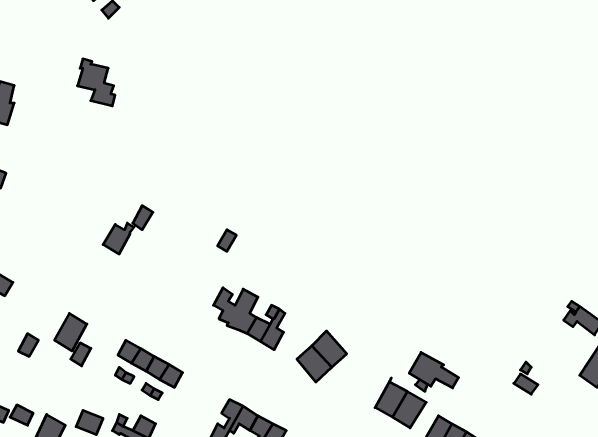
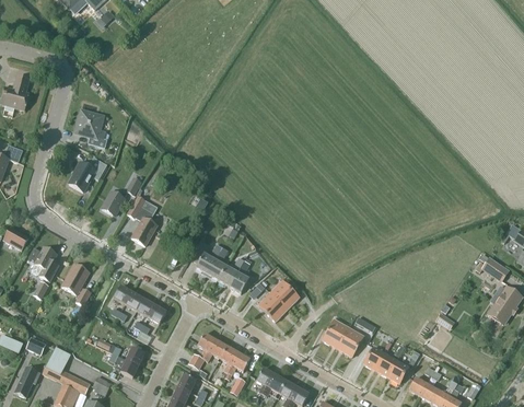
building: [77,59,115,106] -> [75,109,106,148]
building: none -> [68,158,106,191]
building: none -> [126,196,156,246]
building: none -> [31,247,56,281]
building: [409,352,459,388] -> none

